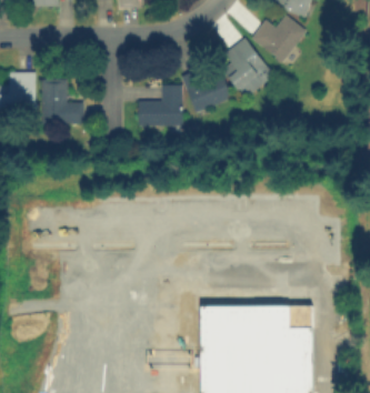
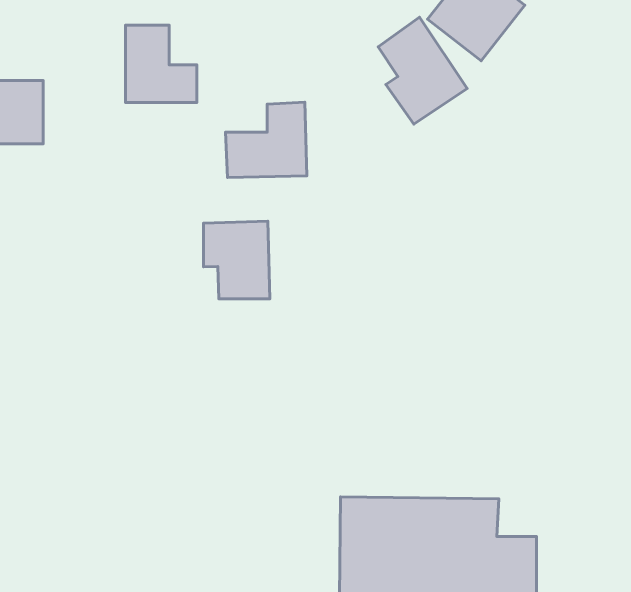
building: [182,70,231,111] -> none
building: [42,79,82,122] -> [125,25,197,103]
building: none -> [204,221,270,299]

